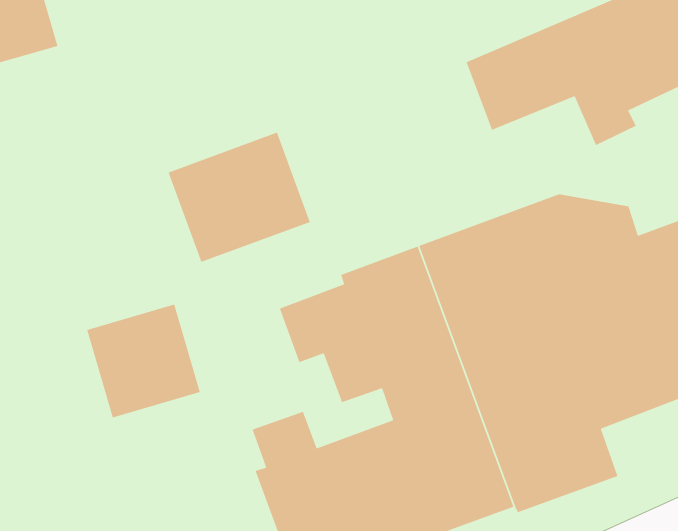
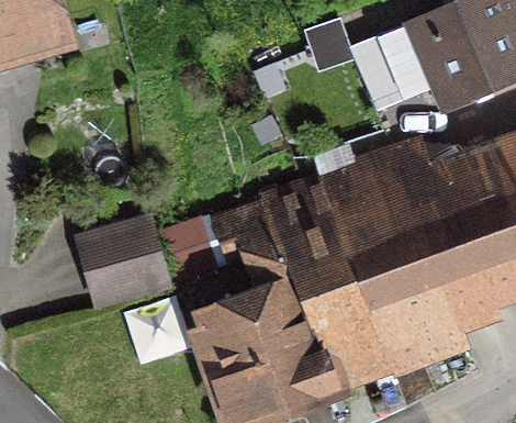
building: [167,132,311,263] -> none

